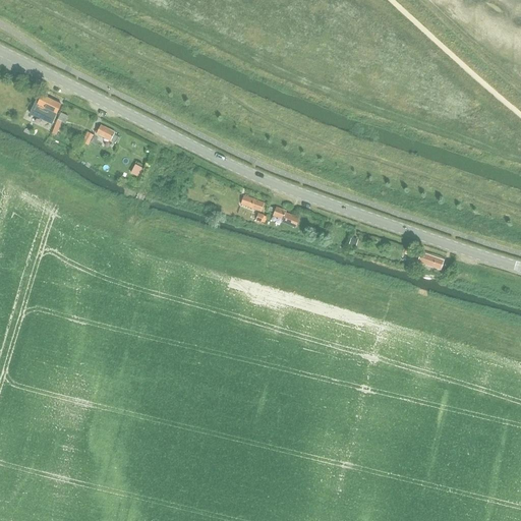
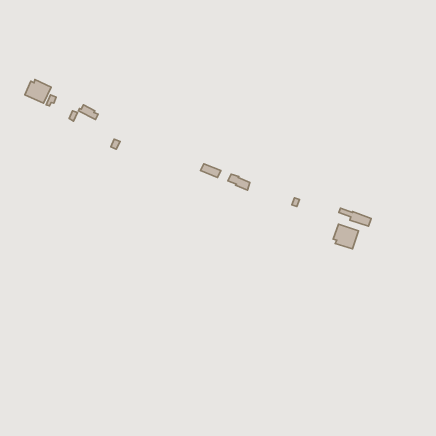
building: none -> [333,224,358,249]

